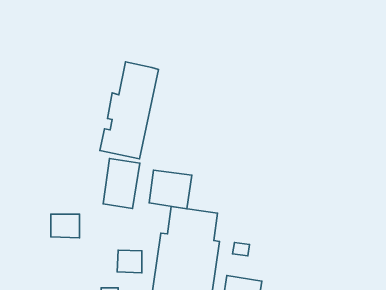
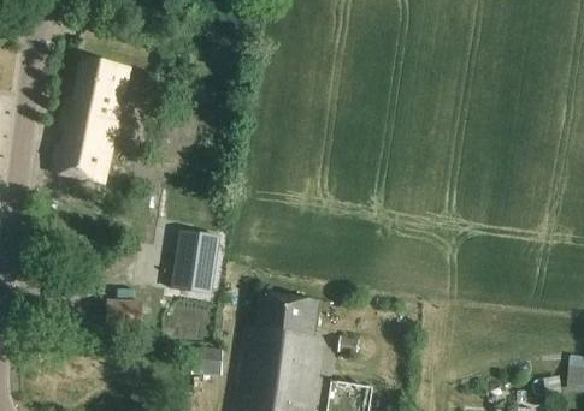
building: [100,62,158,159] -> [52,58,126,181]
building: [149,170,192,209] -> none

